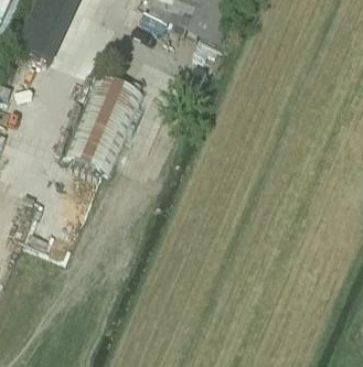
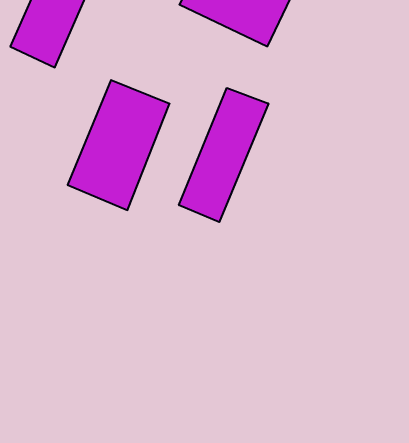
building: none -> [179,88,268,222]

